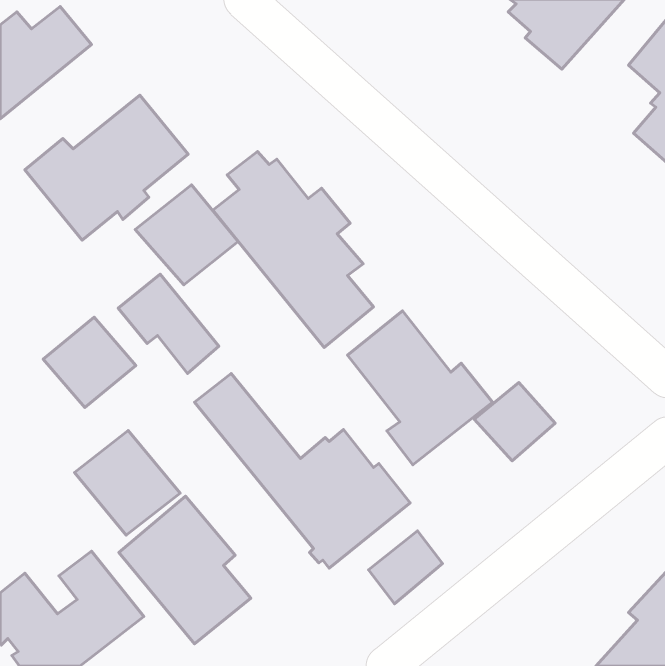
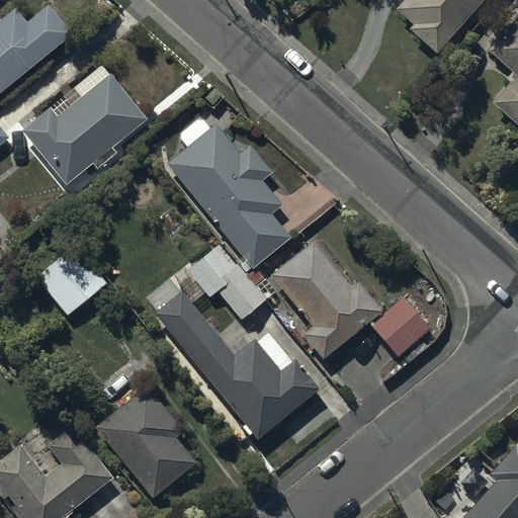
building: [135,185,238,285] -> none
building: [118,274,219,373] -> [188,244,266,321]
building: [74,431,180,535] -> none
building: [368,531,443,604] -> none

